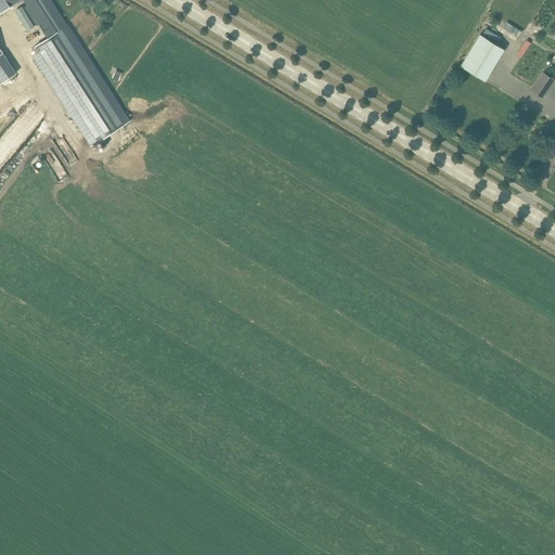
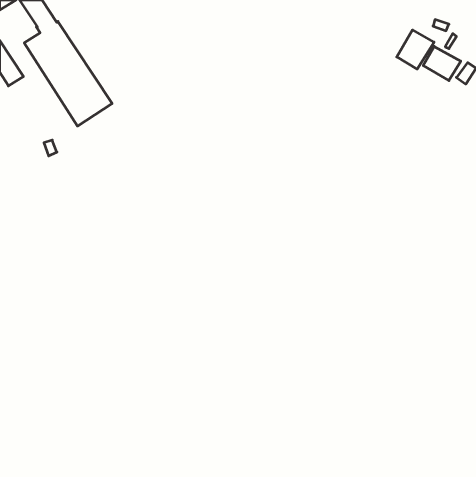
building: none -> [423,46,461,81]

